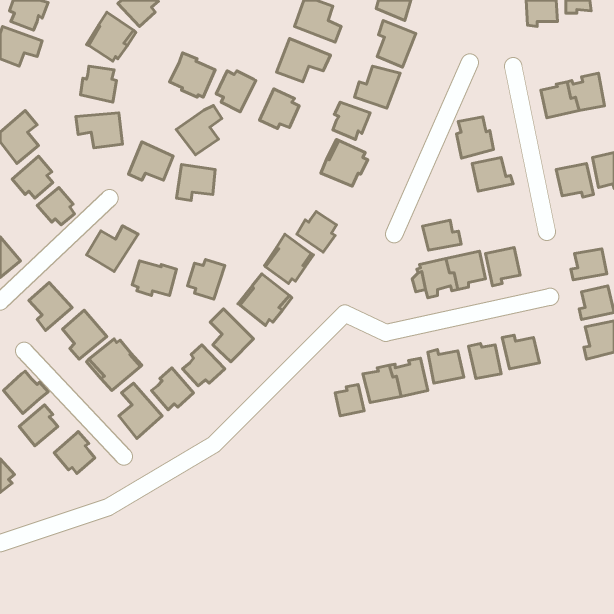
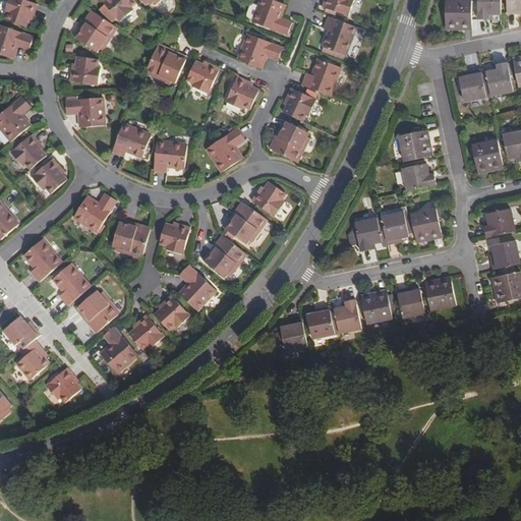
building: [176,105,222,155] -> [206,131,244,173]
building: [456,117,493,158] -> none
building: [423,220,461,250] -> [403,165,436,190]

